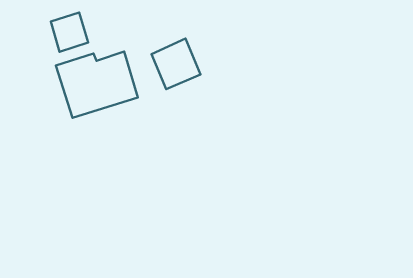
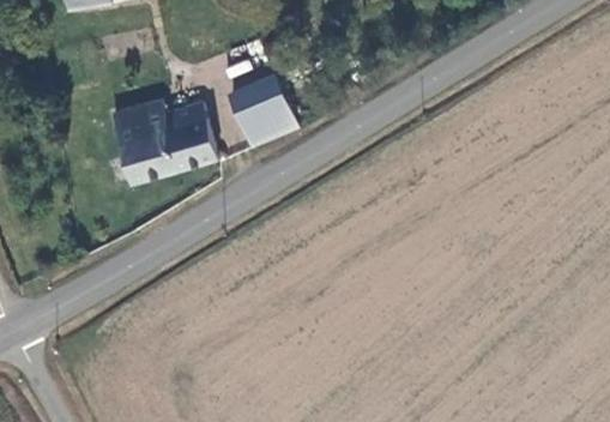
building: [51,13,88,52] -> none

